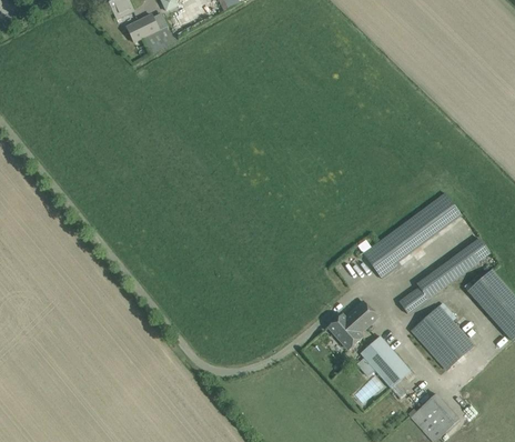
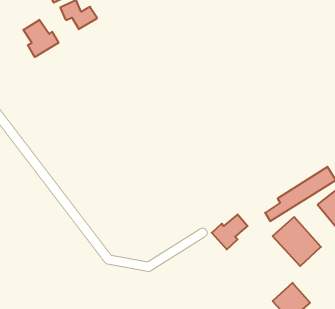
building: none -> [23,20,59,57]
building: [362,192,461,279] -> none
building: [356,335,410,388] -> none

